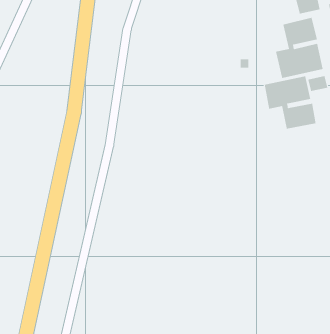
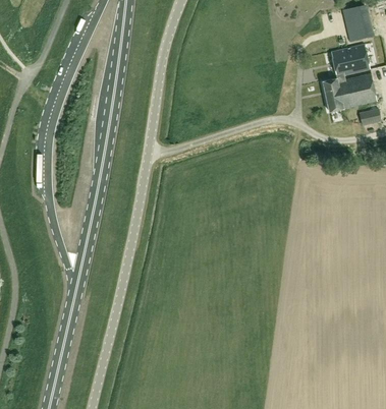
building: [264,75,316,129] -> none

